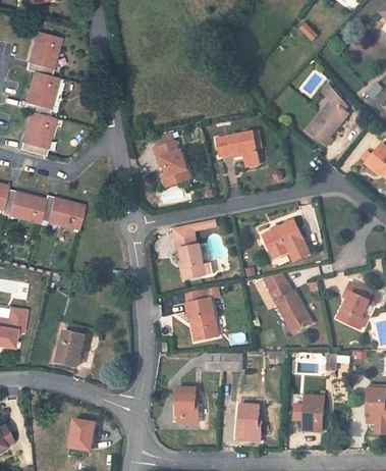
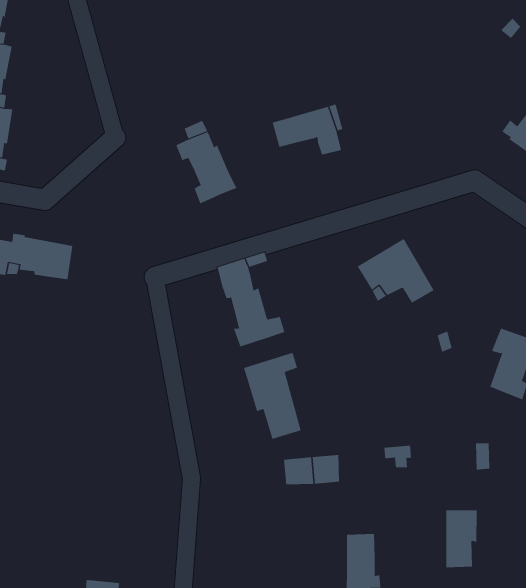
building: [307,84,348,145] -> none
building: [262,273,312,332] -> none
building: [56,329,84,366] -> none
building: [176,386,198,422] -> none

